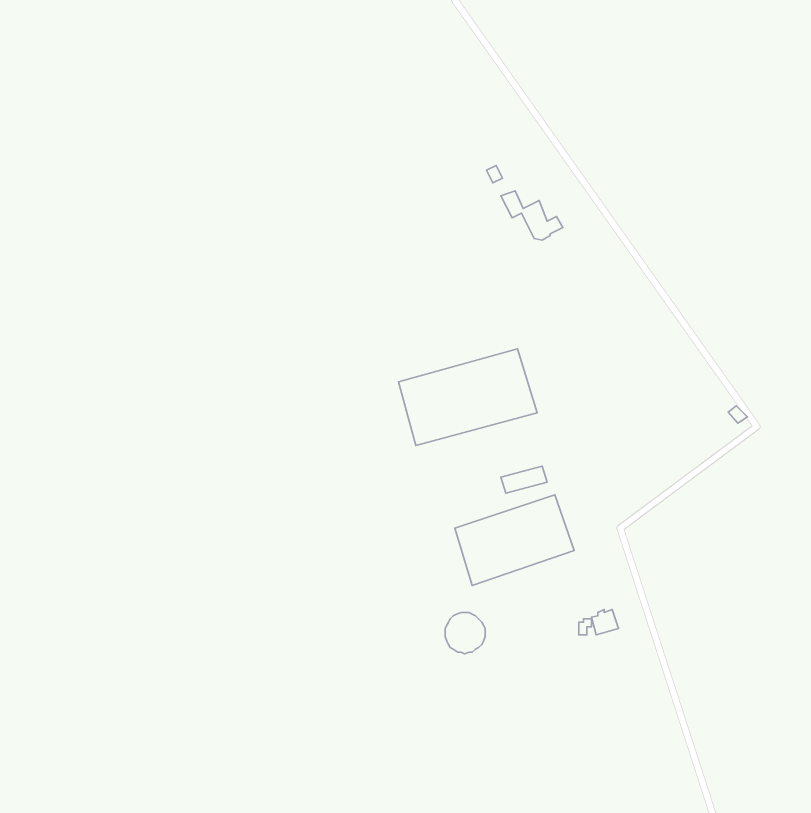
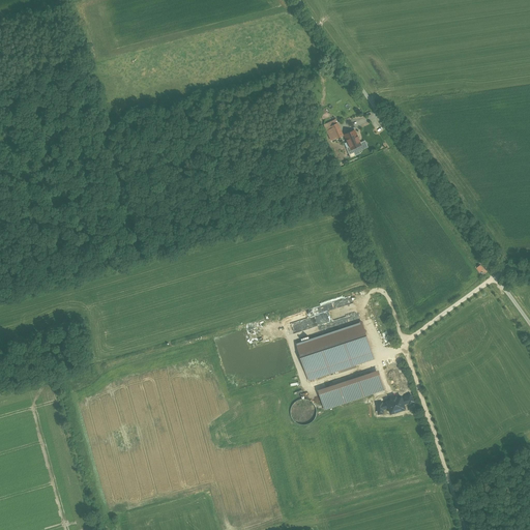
building: [399,349,537,446] -> none
building: none -> [318,371,384,409]

